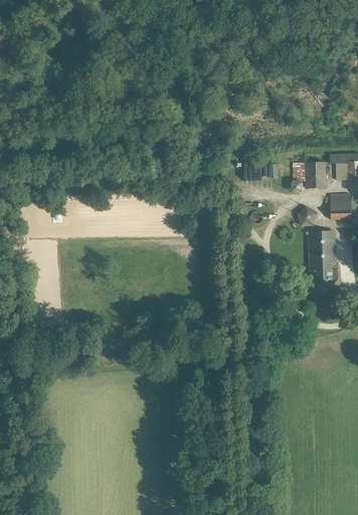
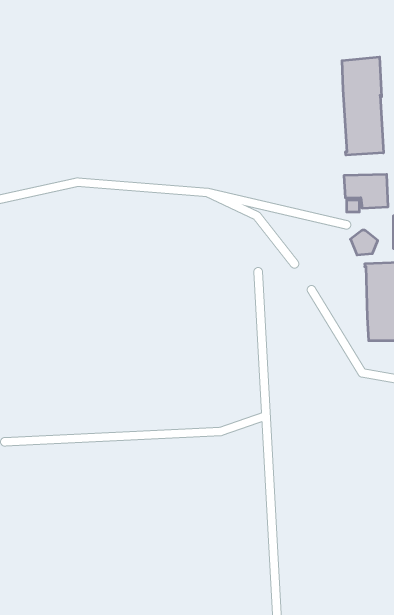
building: none -> [342,57,383,155]

